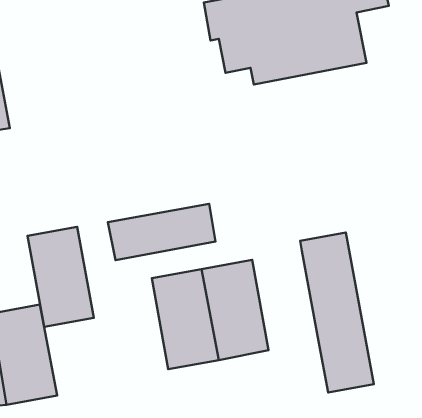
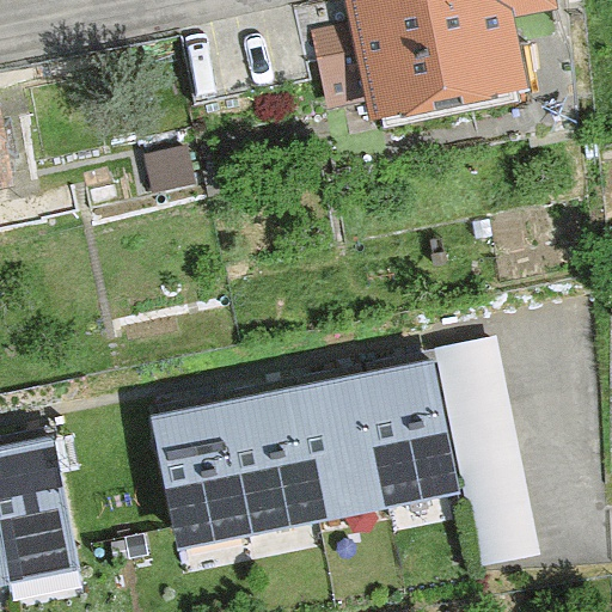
building: [108,204,215,260] -> none
building: [27,227,94,327] -> [147,402,243,546]
building: none -> [363,362,459,506]

